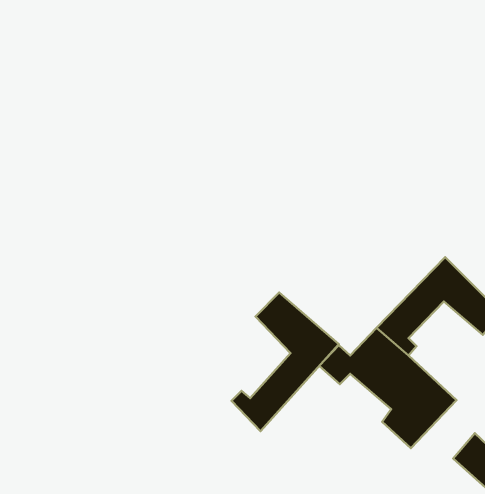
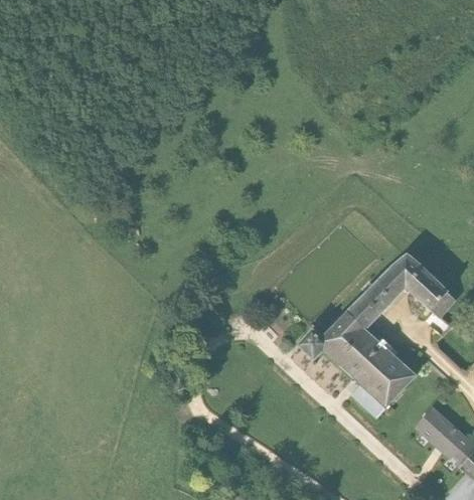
building: [231,293,339,431] -> none

